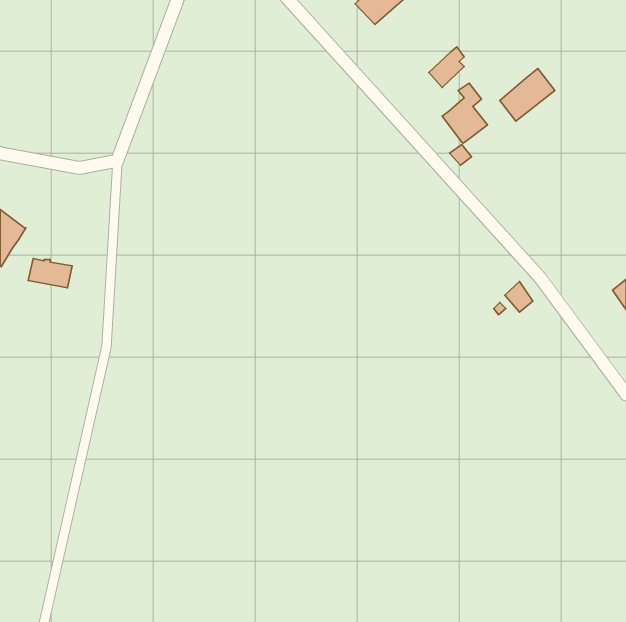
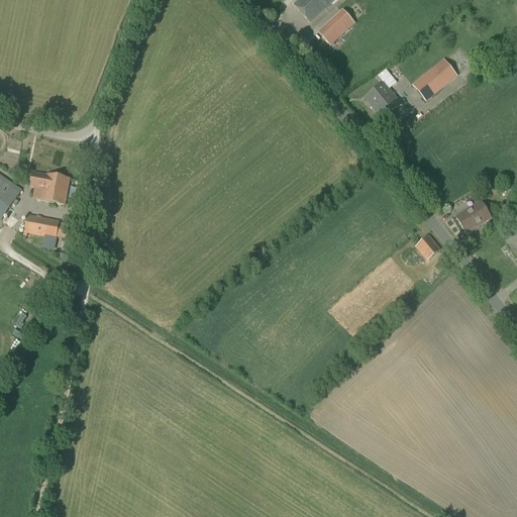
building: [429,47,464,87] -> [319,10,348,43]
building: none -> [28,170,69,203]
building: none -> [456,200,491,231]

